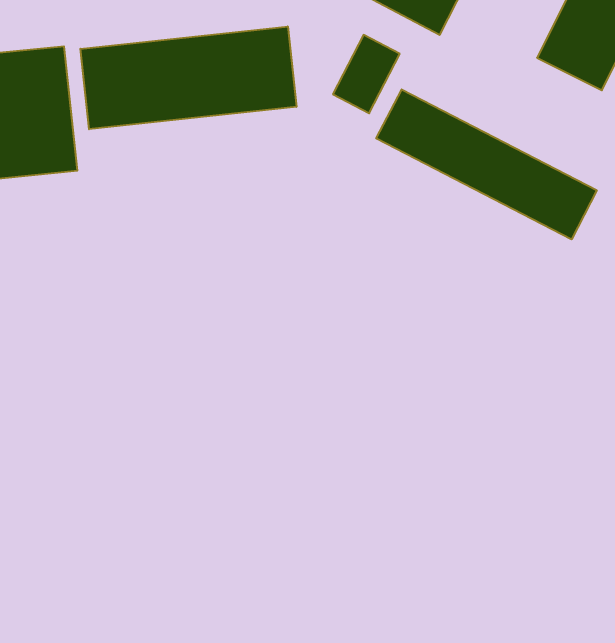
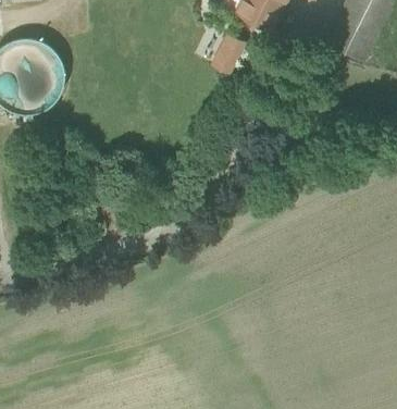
building: [80,26,296,129] -> none
building: [376,89,597,239] -> none

